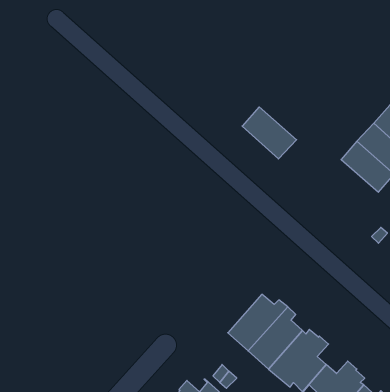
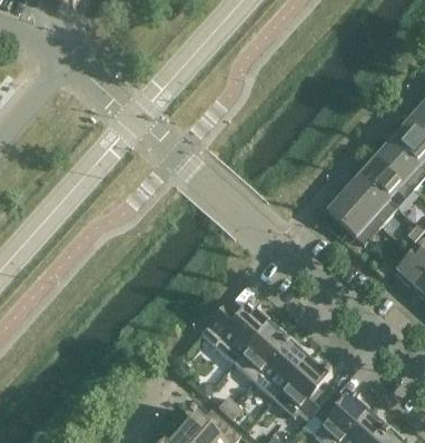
building: [242,107,297,159] -> [328,193,382,244]
building: none -> [201,291,268,363]

